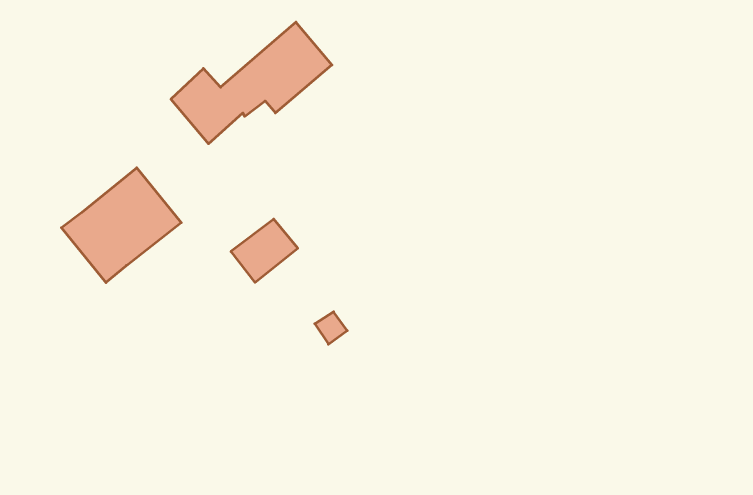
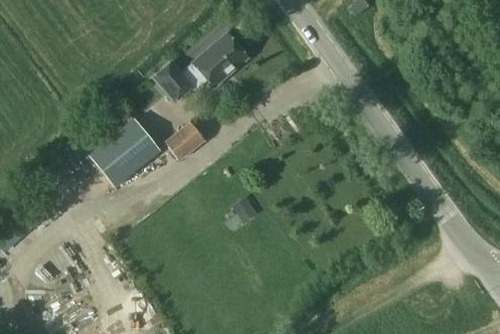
building: [231,219,298,282] -> [164,122,203,159]

